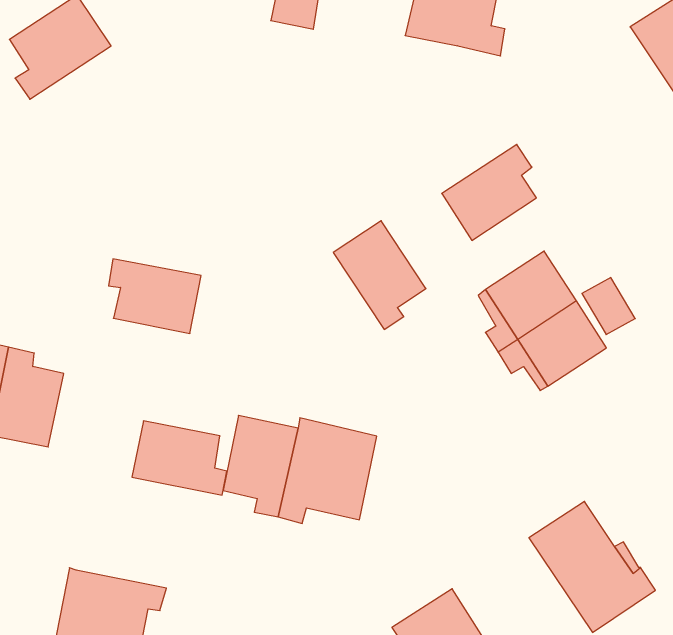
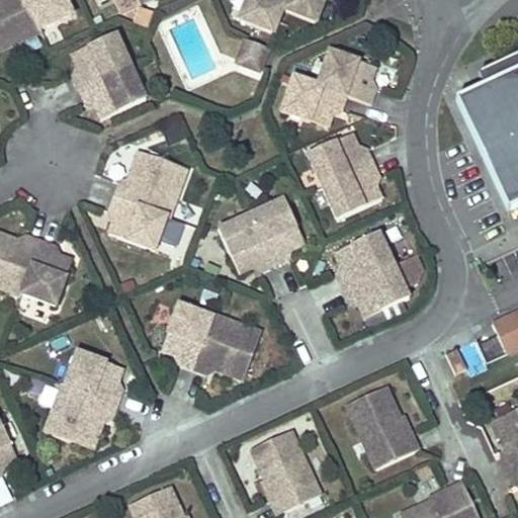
building: none -> [280,77,346,125]
building: none -> [79,65,147,116]
building: none -> [308,132,373,185]
building: none -> [115,151,188,215]
building: none -> [219,211,275,272]
building: [132,421,227,495] -> [65,349,123,402]

